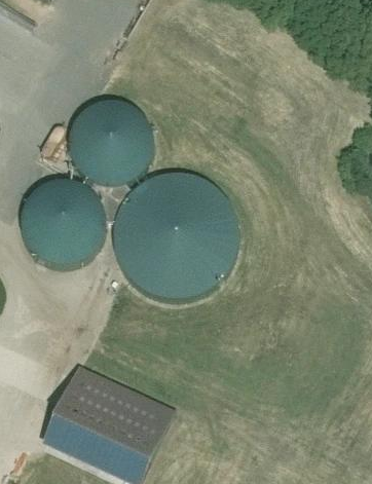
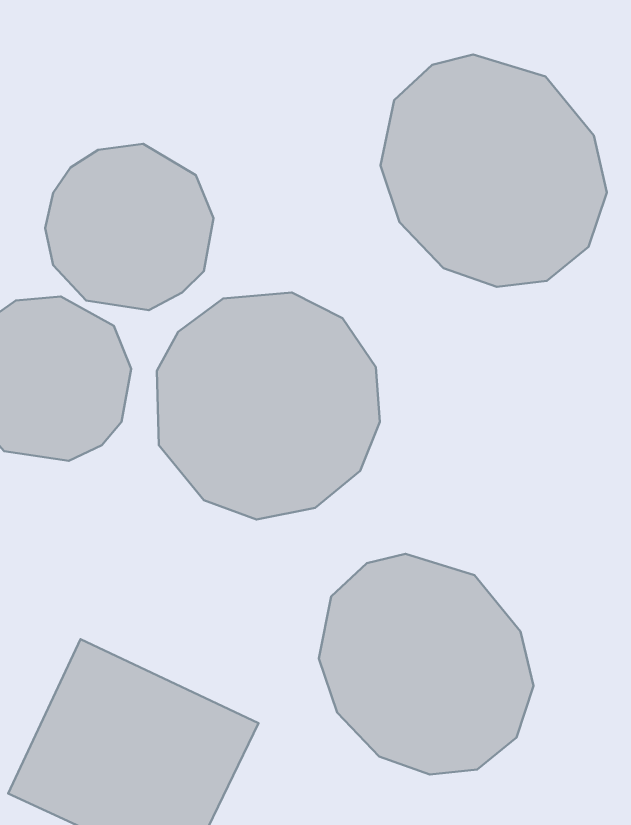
building: none -> [381,54,607,287]
building: none -> [319,554,533,775]

